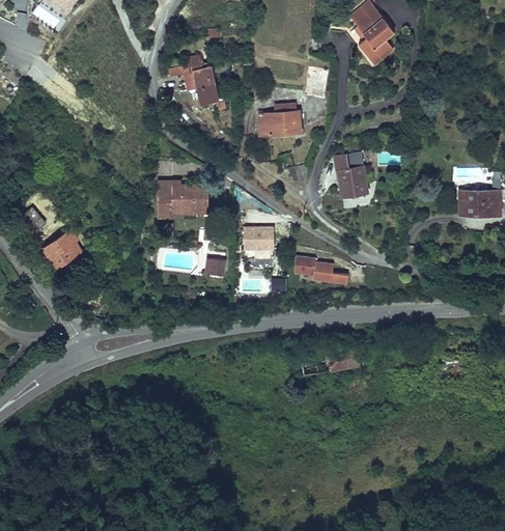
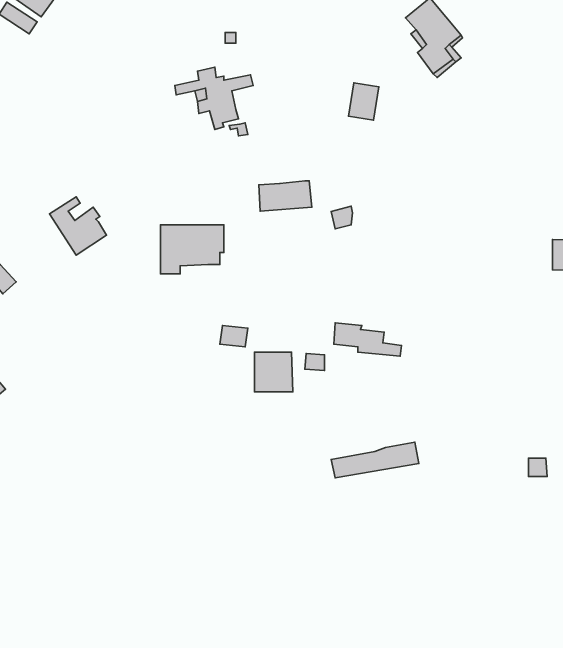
building: [259,112,301,136] -> [259,181,312,211]
building: [335,153,368,197] -> none
building: [36,223,81,269] -> [50,197,107,255]
building: [244,227,274,258] -> [254,352,293,392]

